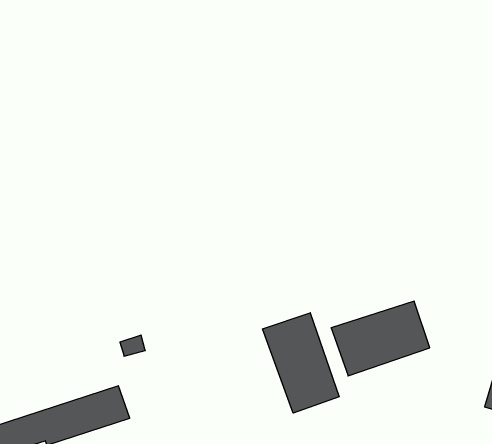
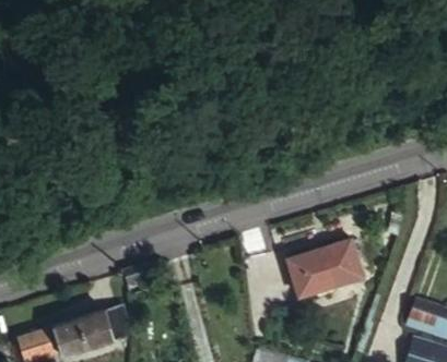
building: [262,313,339,413] -> none

